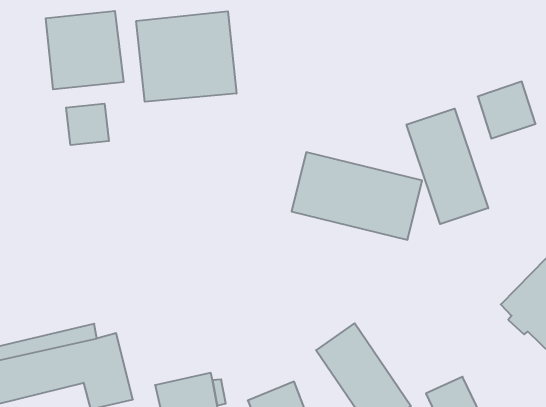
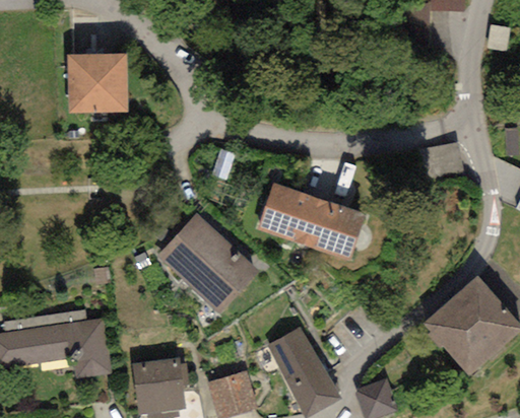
building: [136,11,236,102] -> none
building: [66,104,109,145] -> none
building: [407,109,488,224] -> none
building: none -> [157,213,261,315]

